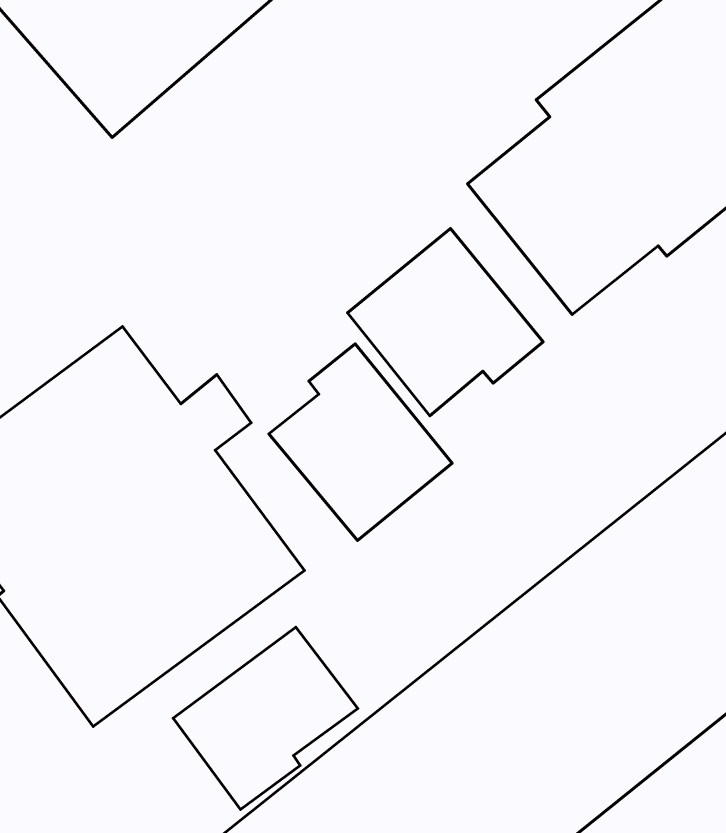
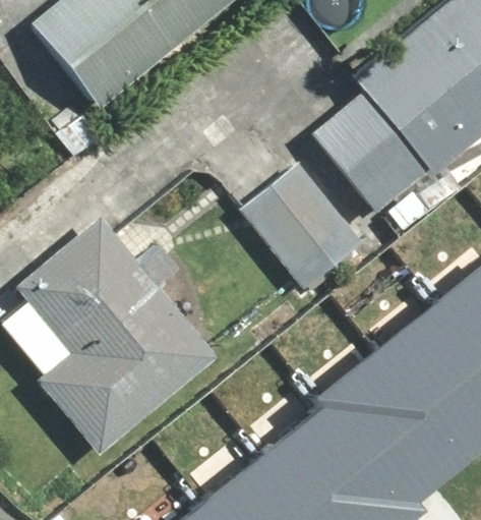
building: [269,344,452,541] -> none
building: [173,627,358,809] -> none

